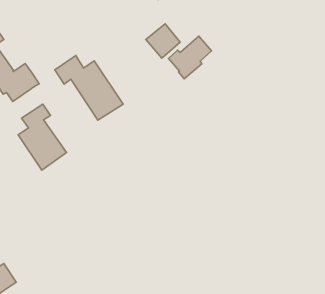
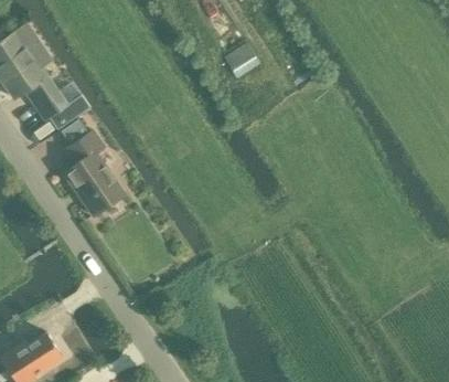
building: [168,36,212,79] -> none
building: [55,56,123,120] -> none

